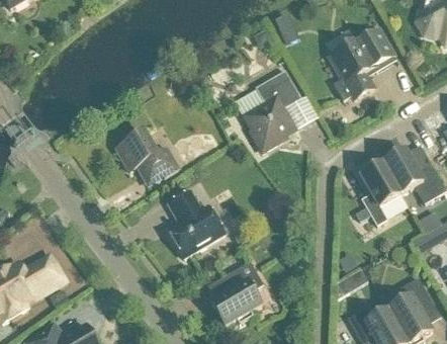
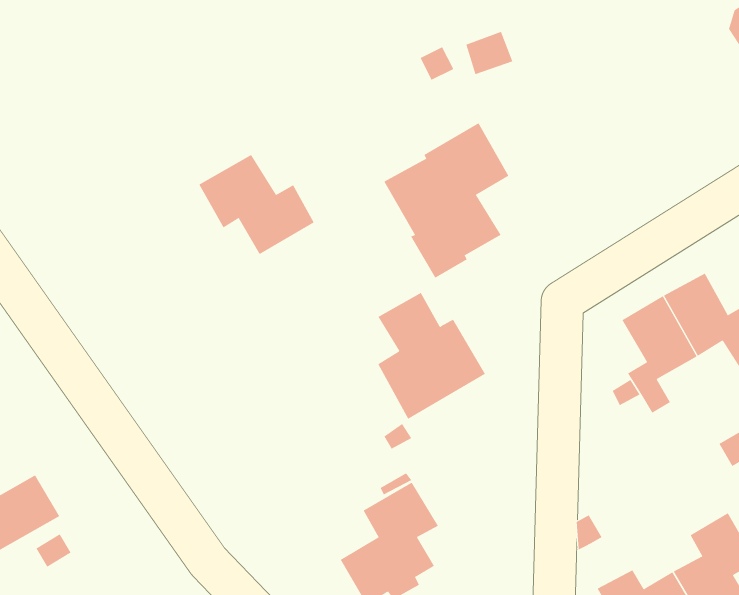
building: [330,28,396,99] -> none
building: [116,131,178,184] -> [198,154,314,255]
building: [168,189,226,257] -> [377,292,486,419]

